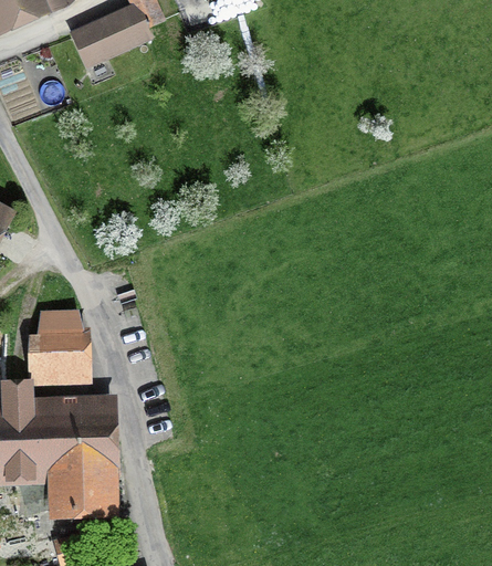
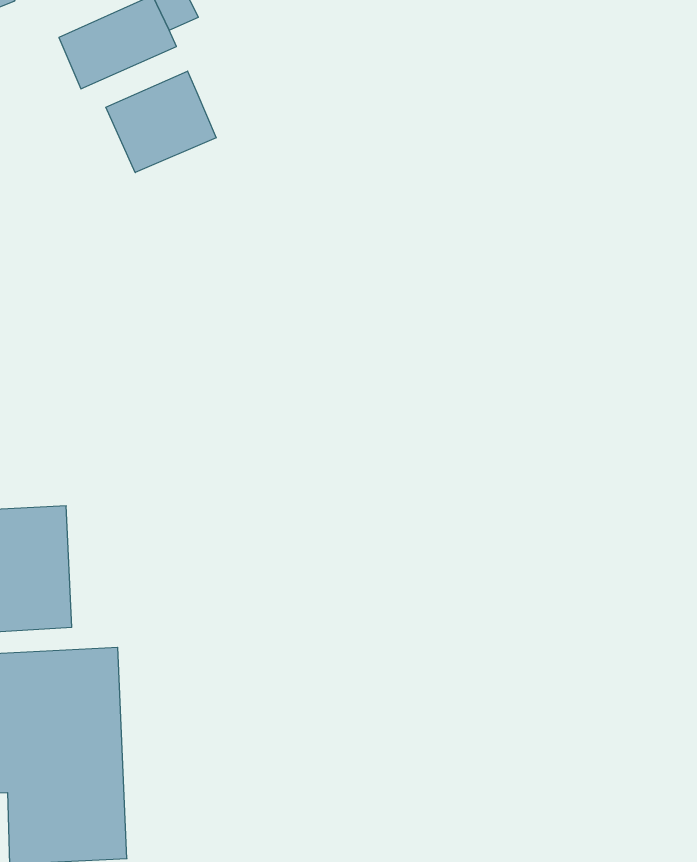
building: none -> [106,71,216,173]

